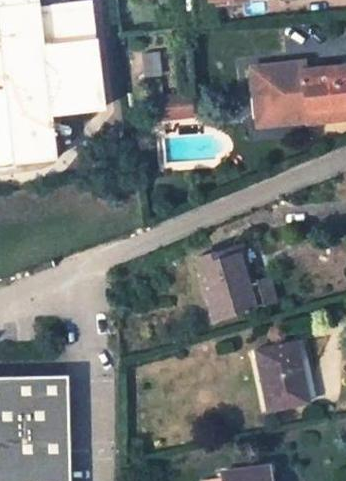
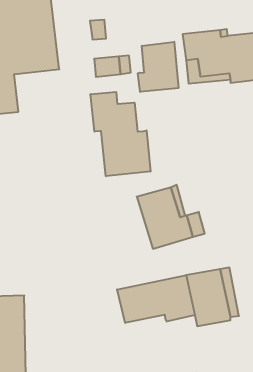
building: none -> [138,42,178,92]
building: none -> [91,92,150,176]
building: none -> [117,275,195,323]

